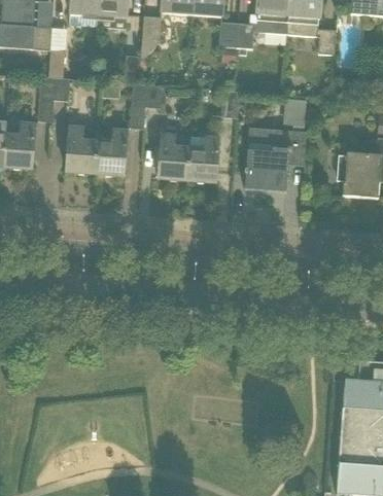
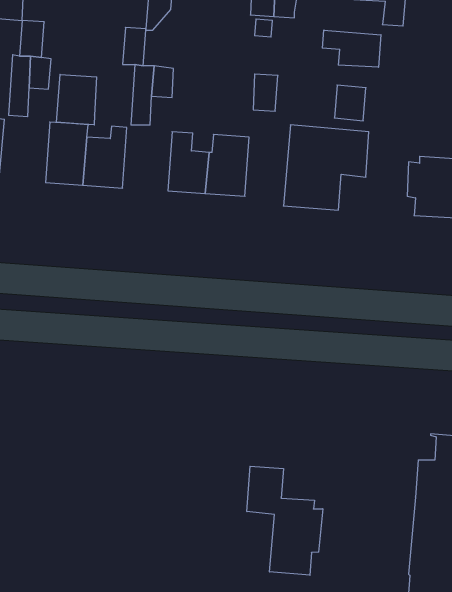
building: none -> [322,30,381,67]
building: none -> [56,74,97,125]
building: none -> [247,466,323,575]

